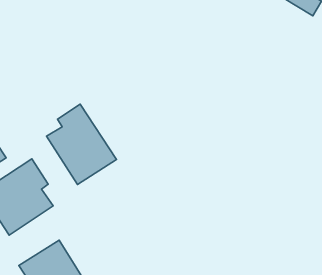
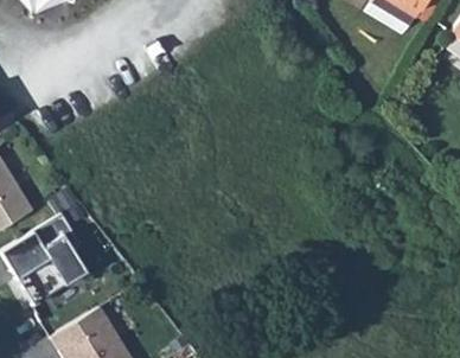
building: [47,104,116,184] -> none

